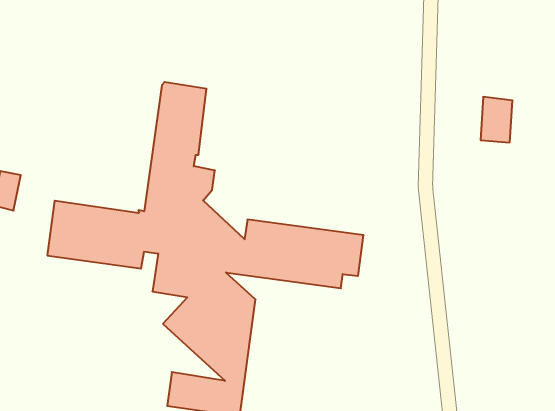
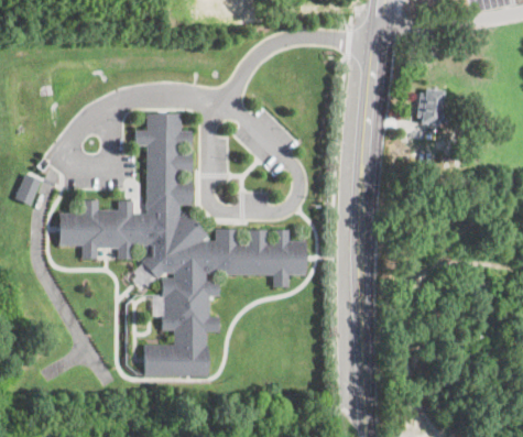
building: [481,97,513,142] -> [416,88,444,125]

